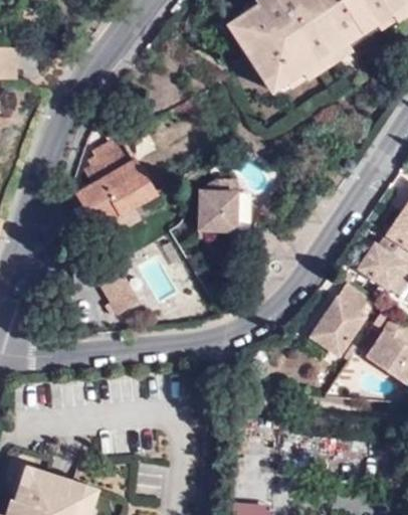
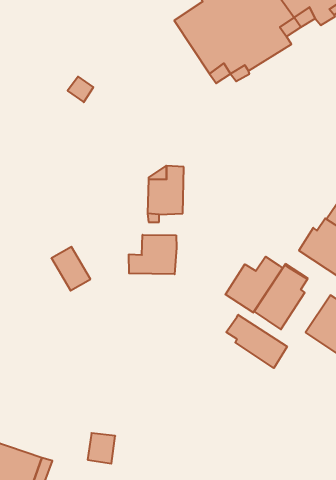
building: [74,136,157,232] -> none
building: none -> [129,235,177,274]
building: none -> [225,257,282,313]
building: none -> [226,315,287,368]

